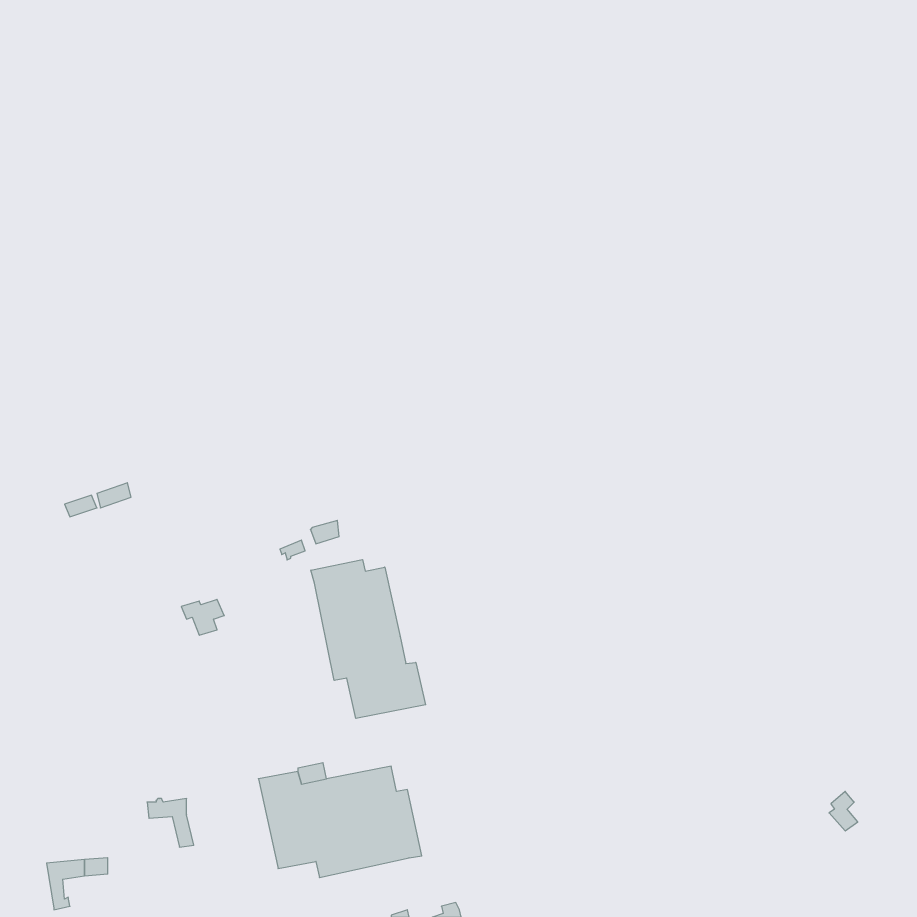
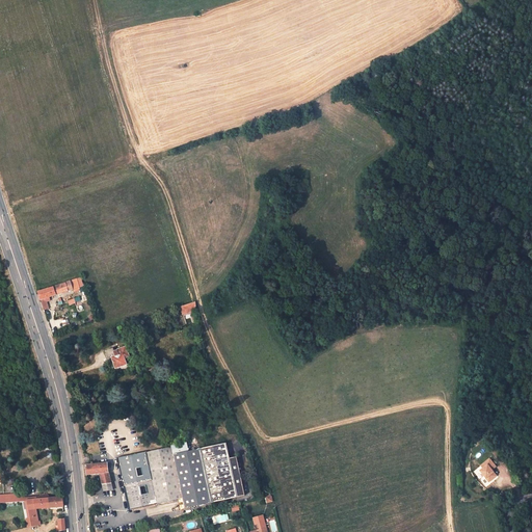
building: [311,560,426,718] -> none
building: none -> [117,451,161,510]

